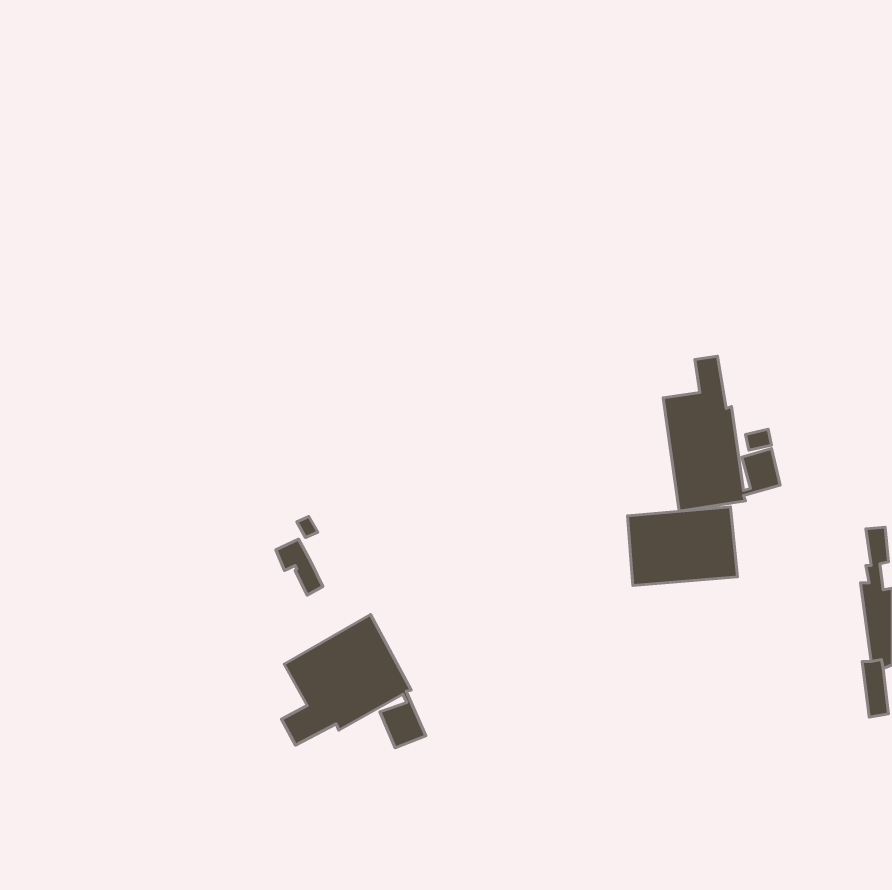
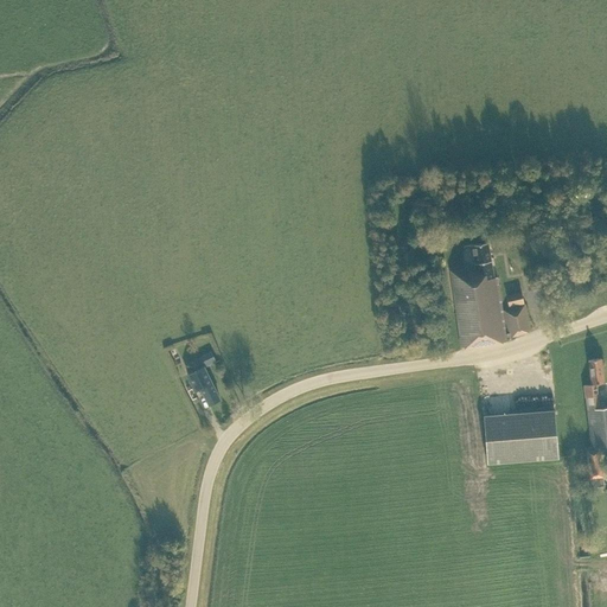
building: [628,507,738,585] -> [484,409,558,462]
building: [281,615,426,748] -> none

